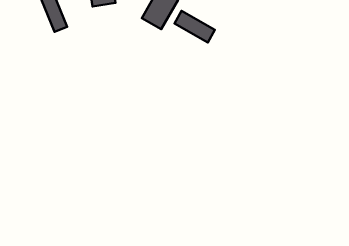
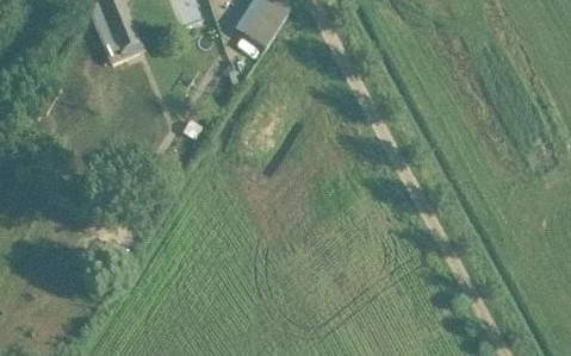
building: [174,11,215,43] -> none

